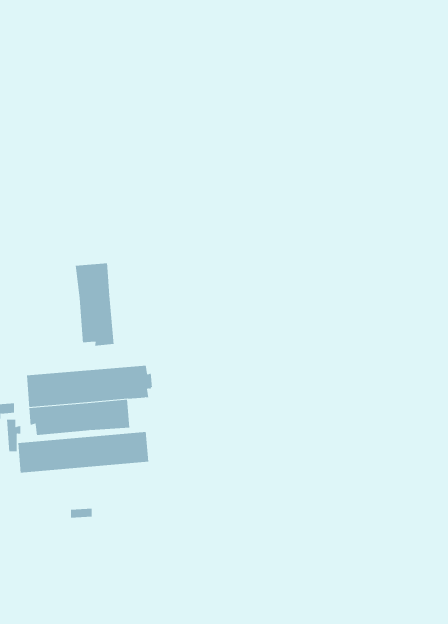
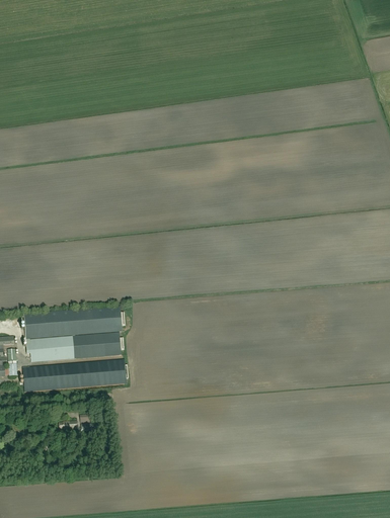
building: [75,263,114,346] -> none
building: none -> [105,334,125,358]

